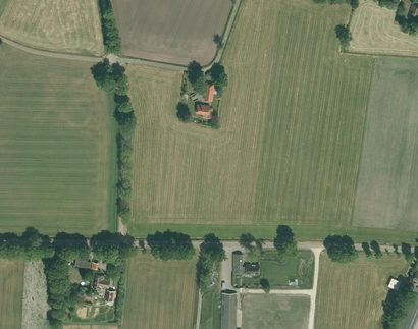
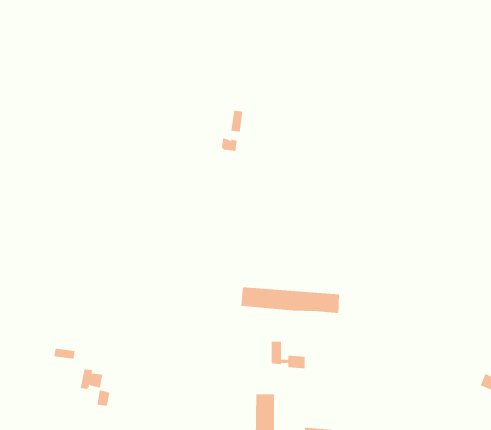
building: none -> [241,286,339,314]

